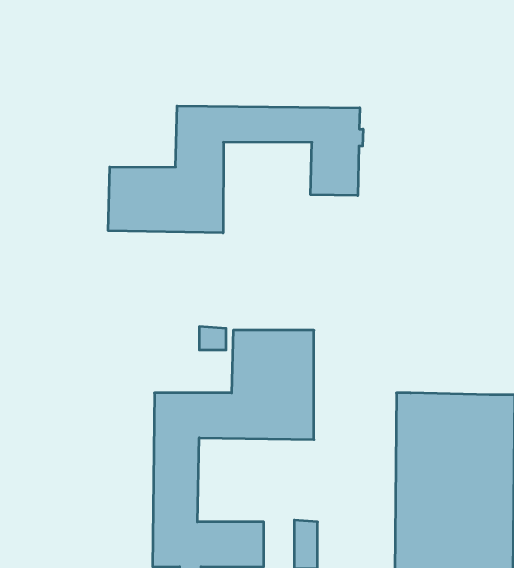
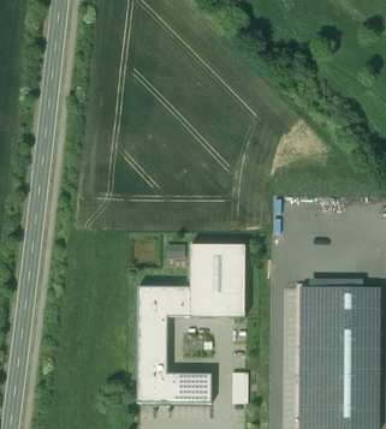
building: [108,106,363,233] -> none

